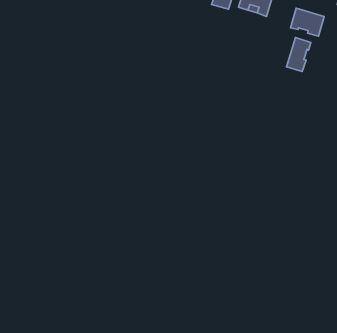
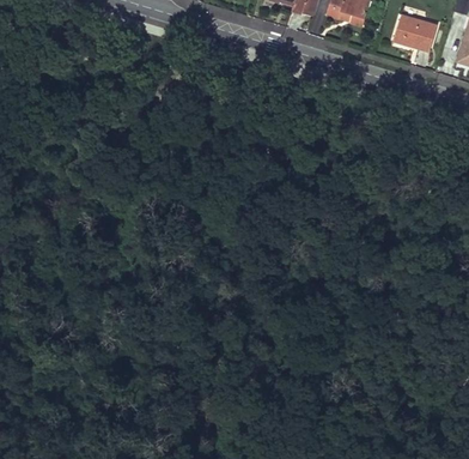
building: [287,37,311,72] -> none

